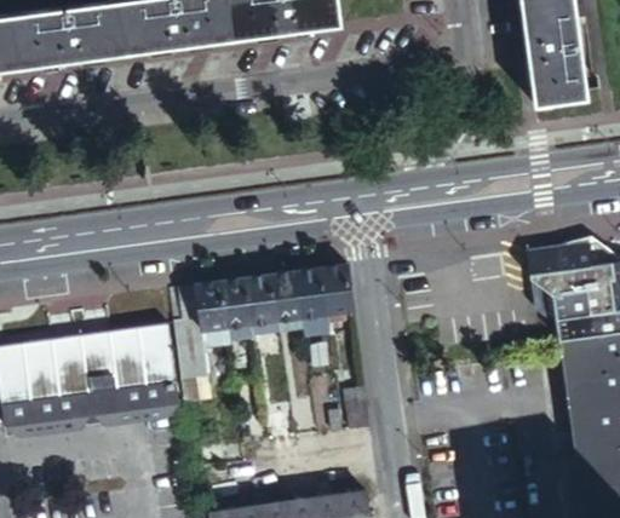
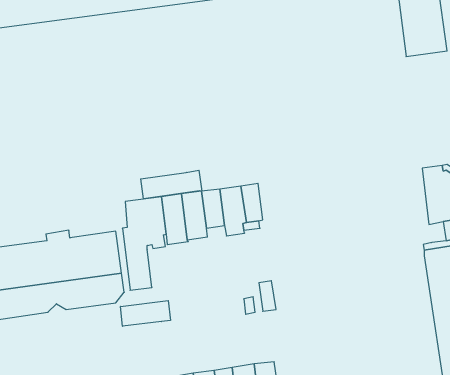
building: [521,244,564,318] -> none
building: none -> [141,170,202,199]
building: none -> [121,301,170,326]

